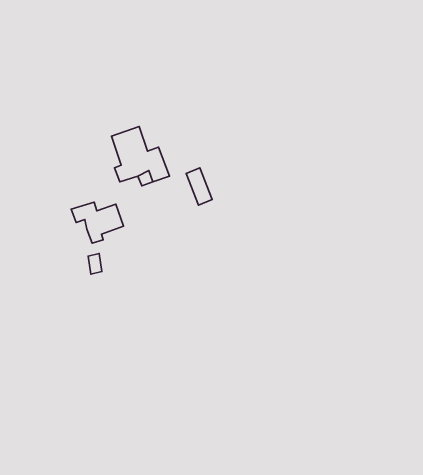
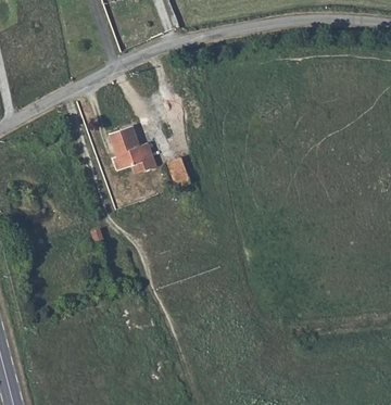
building: [71,202,124,243] -> none

